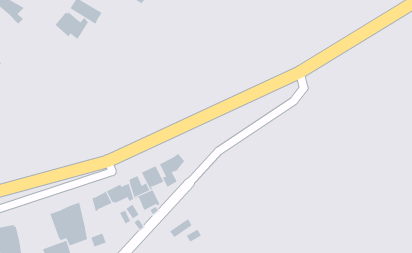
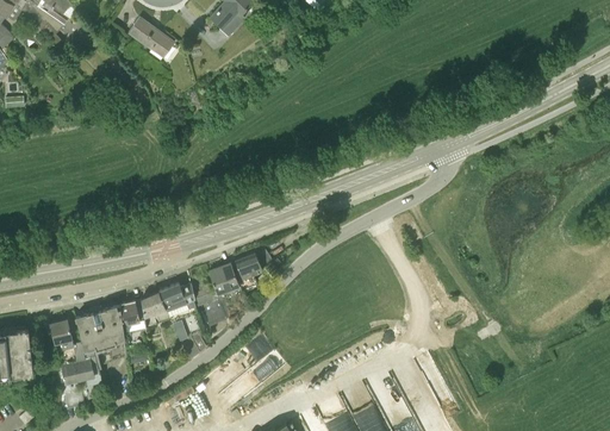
building: [55,11,88,40] -> none
building: none -> [118,300,145,332]
building: none -> [49,319,83,360]

